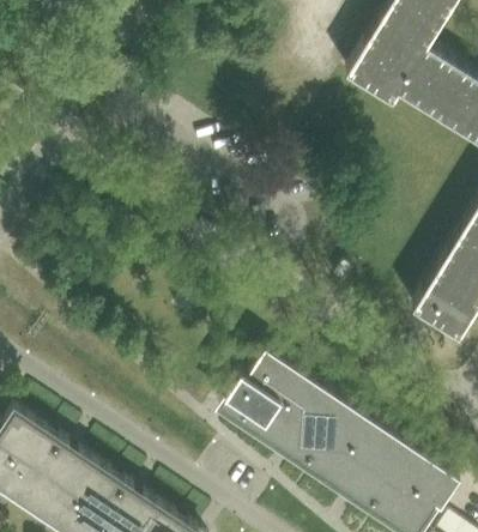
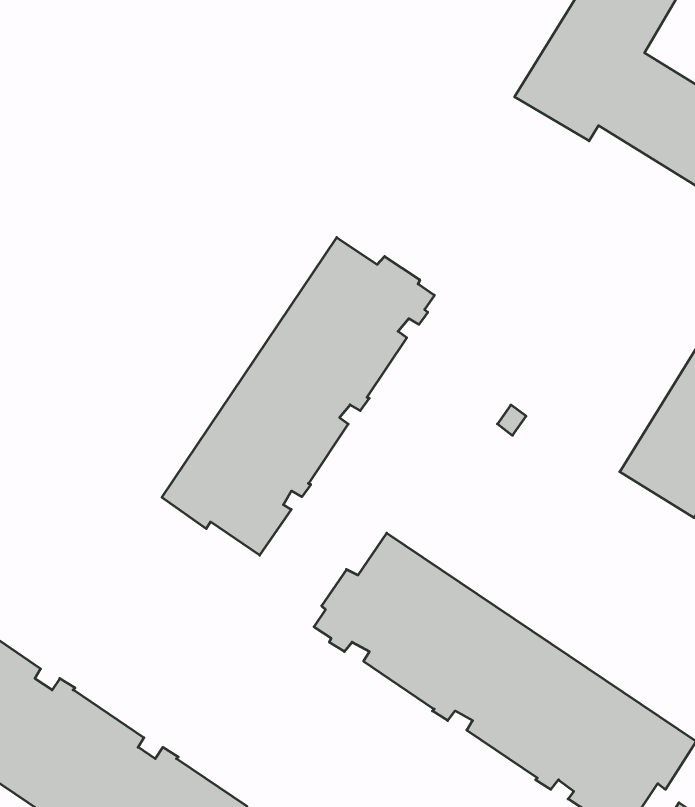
building: none -> [162,237,434,555]

